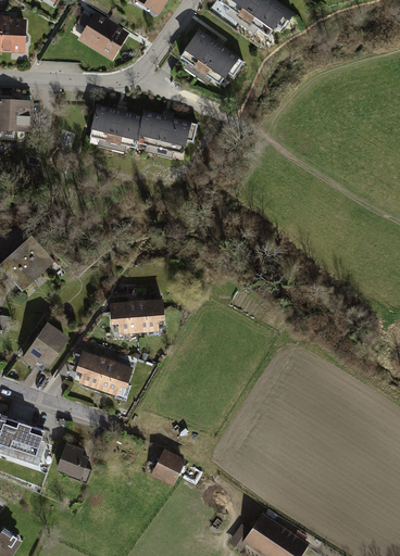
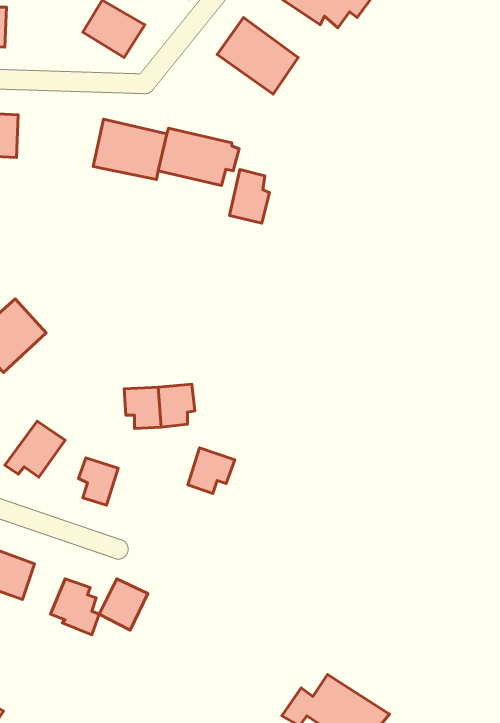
building: none -> [230,169,270,223]
building: [98,361,133,394] -> [188,448,235,494]
building: [150,448,186,486] -> [99,579,148,630]

